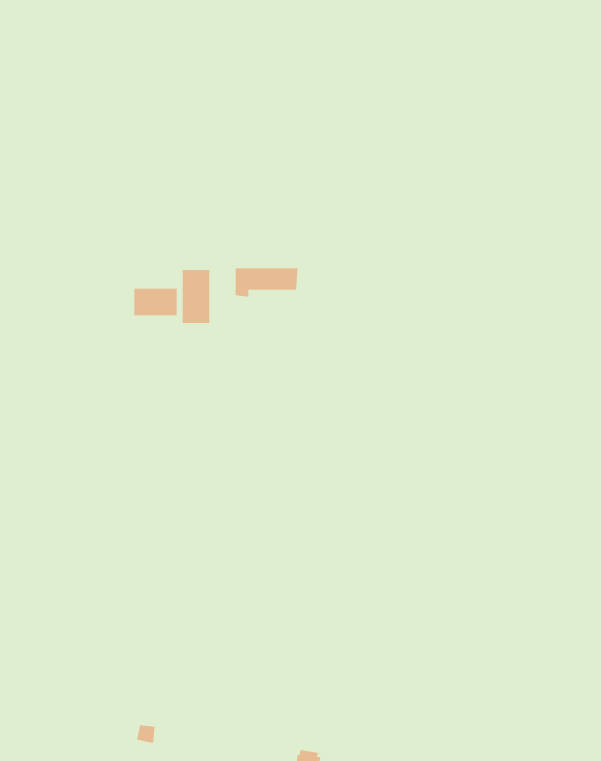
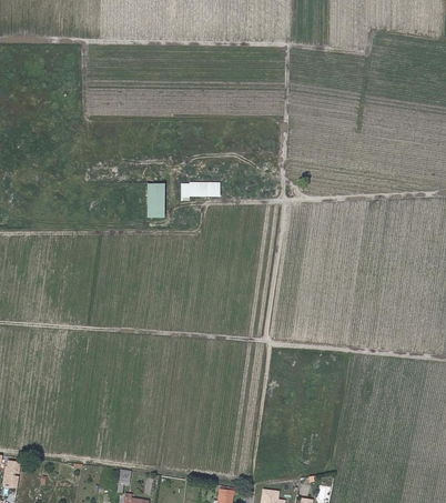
building: [134,288,178,316] -> none

